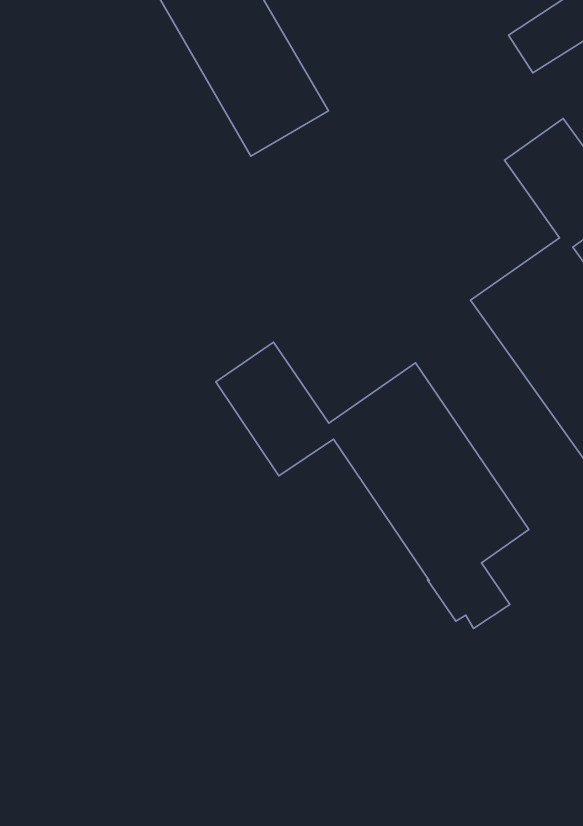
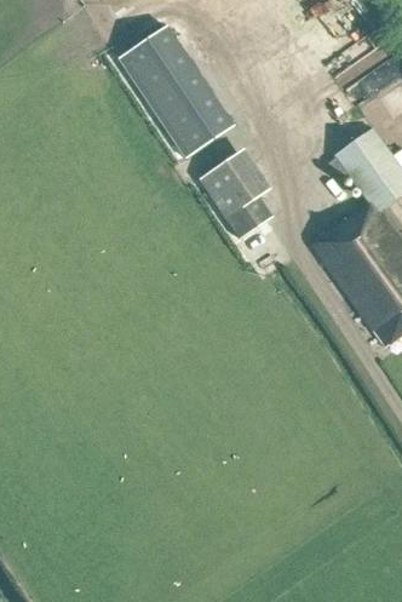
building: none -> [201,149,275,241]
building: [216,342,529,628] -> none

